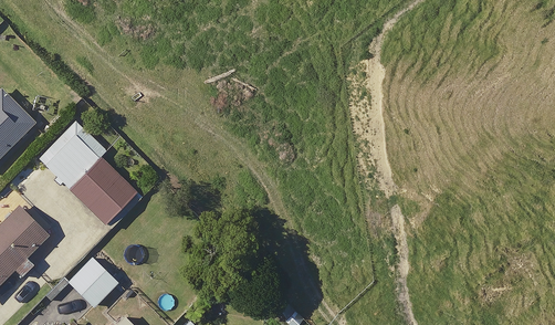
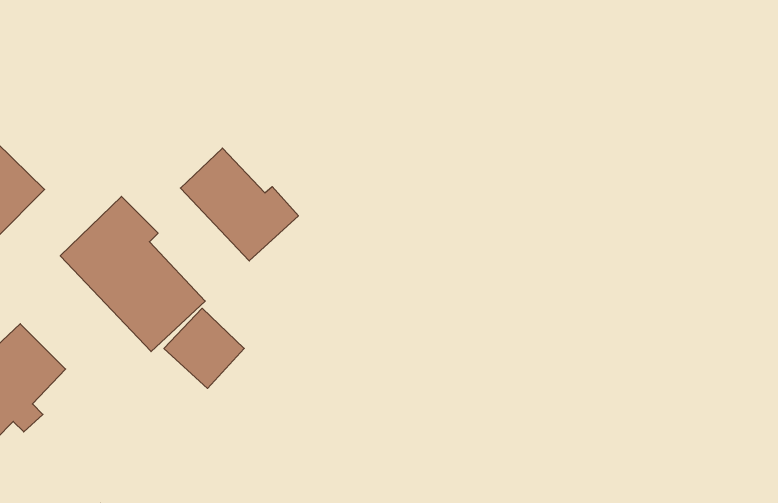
building: none -> [180,148,298,261]
building: [66,256,117,307] -> [164,308,244,388]

